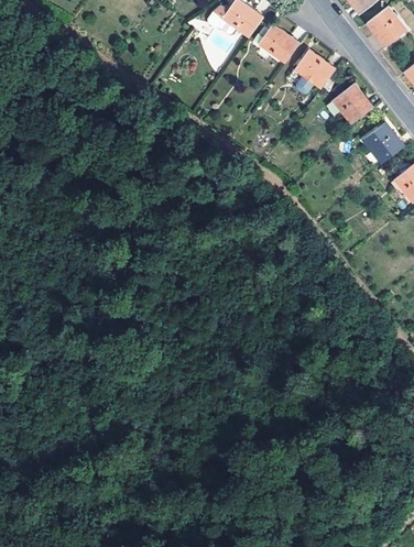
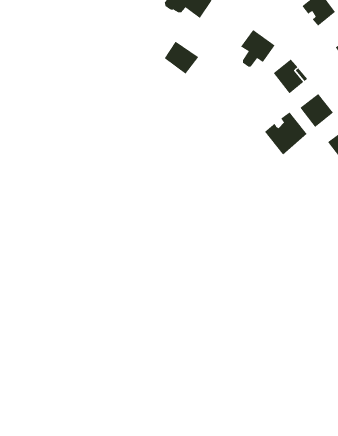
building: [259,24,299,63] -> [164,41,199,74]
building: none -> [264,112,308,155]

